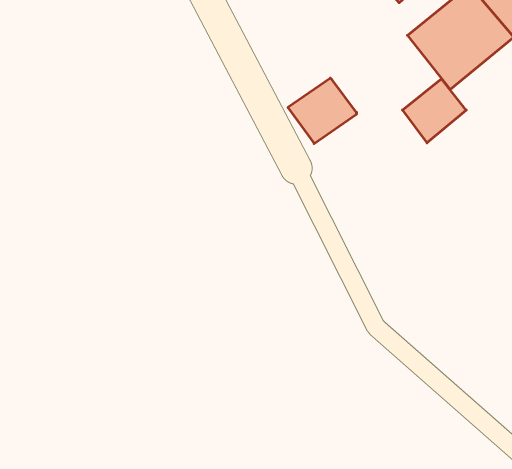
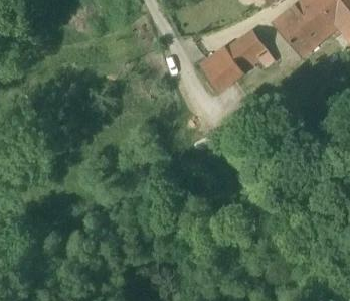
building: [402,79,466,143] -> [228,32,268,71]

